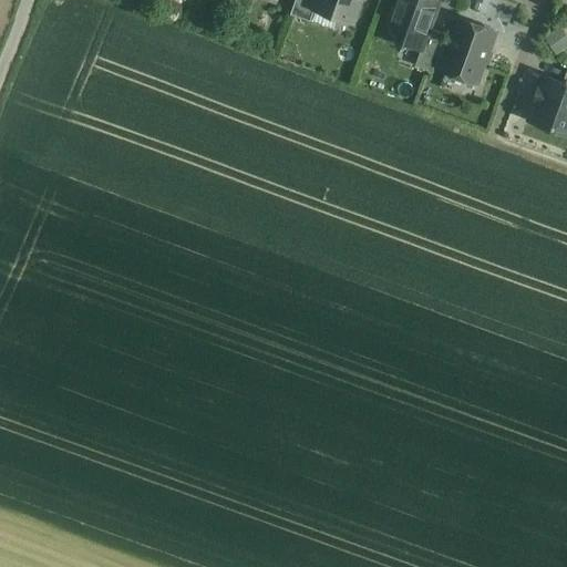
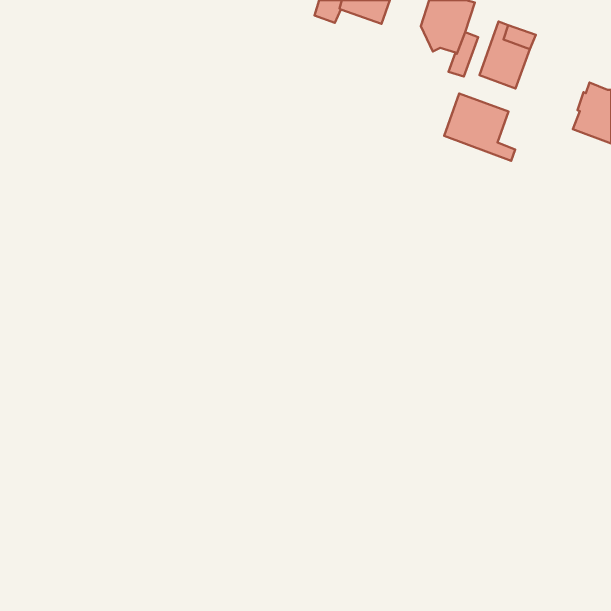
building: none -> [444,94,515,161]

